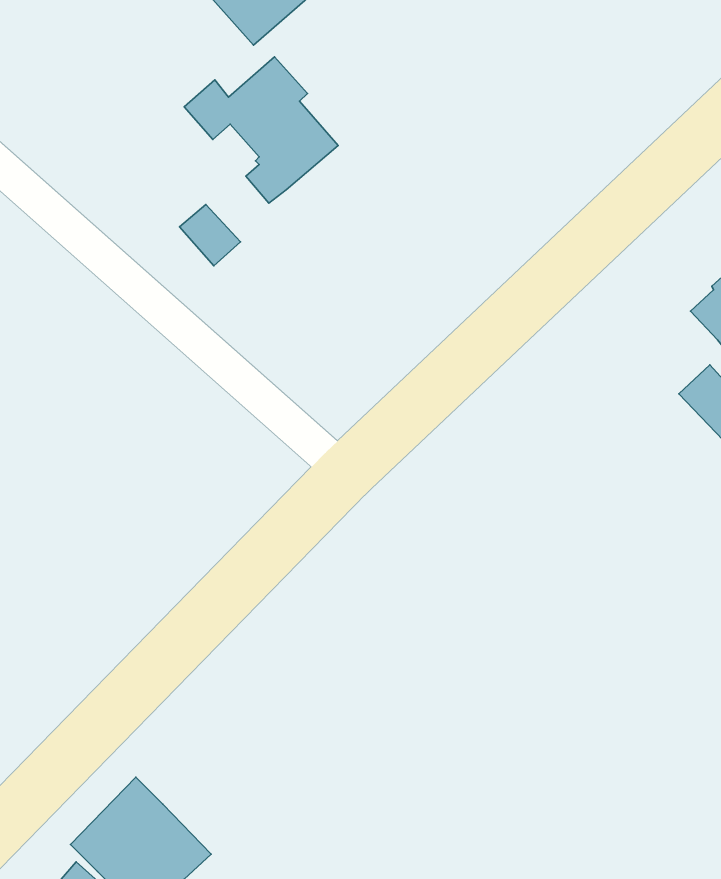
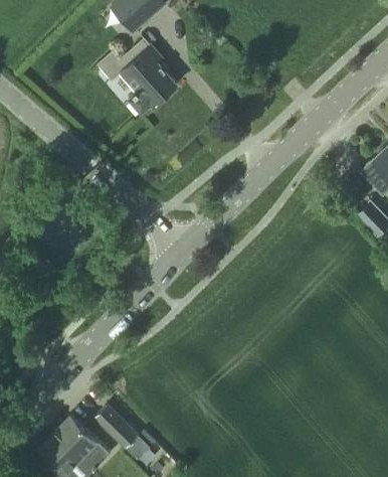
building: [180,204,240,266] -> none
building: none -> [94,404,151,459]

